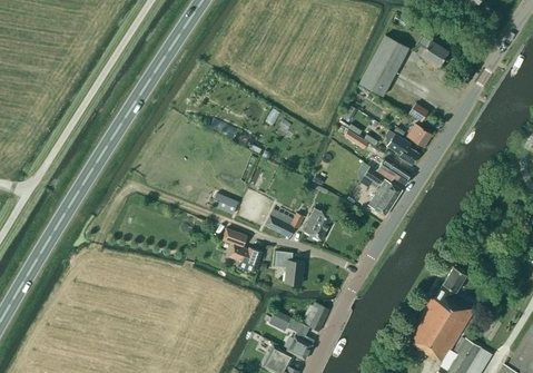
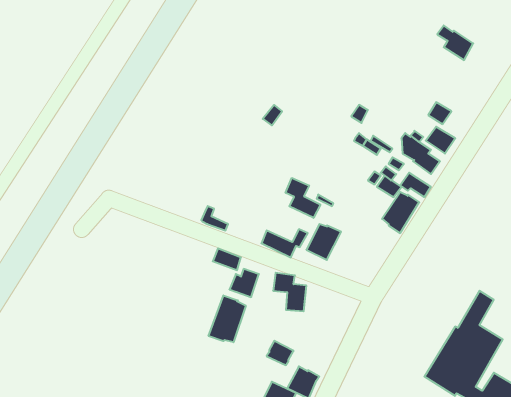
building: [359,36,408,96] -> none
building: none -> [286,178,320,218]
building: none -> [209,295,246,342]
building: [300,302,329,332] -> none

